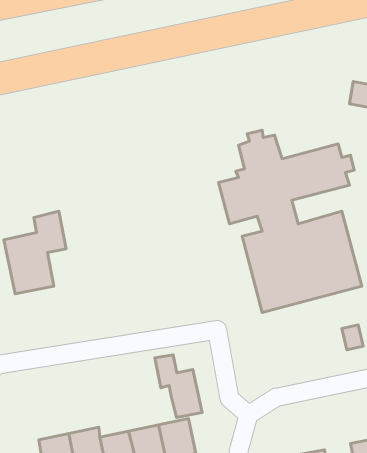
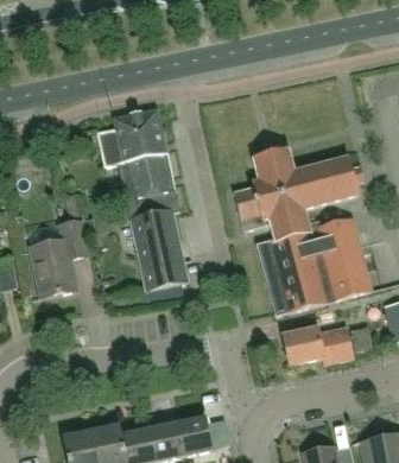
building: none -> [97,108,186,290]
building: none -> [284,325,353,363]
building: [155,355,202,417] -> none

